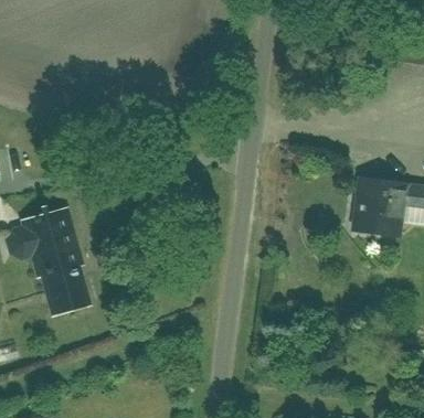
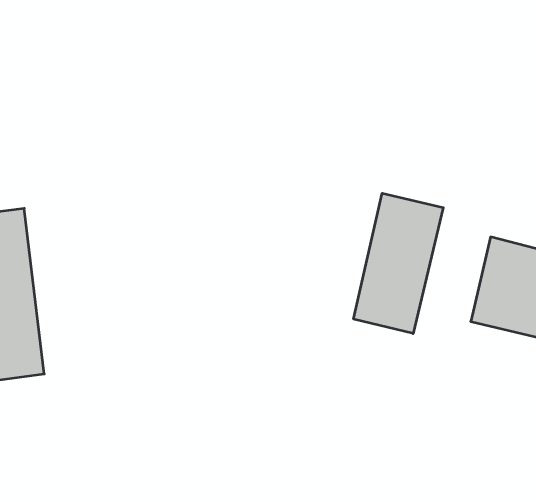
building: none -> [354,193,443,334]

